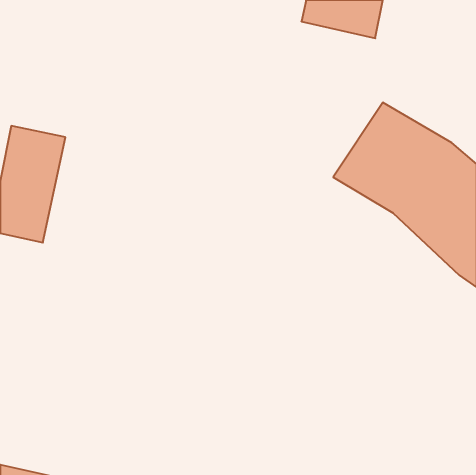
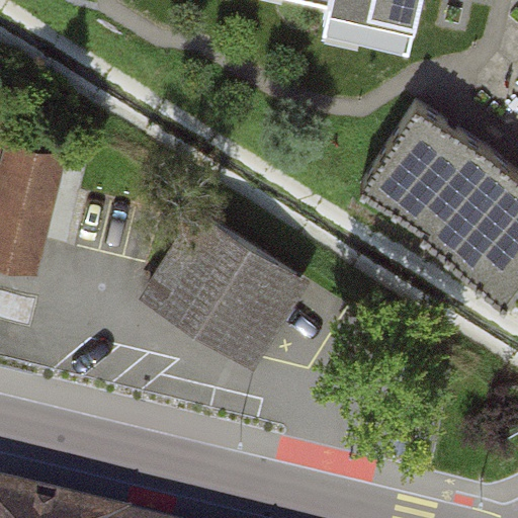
building: none -> [138,212,300,366]

